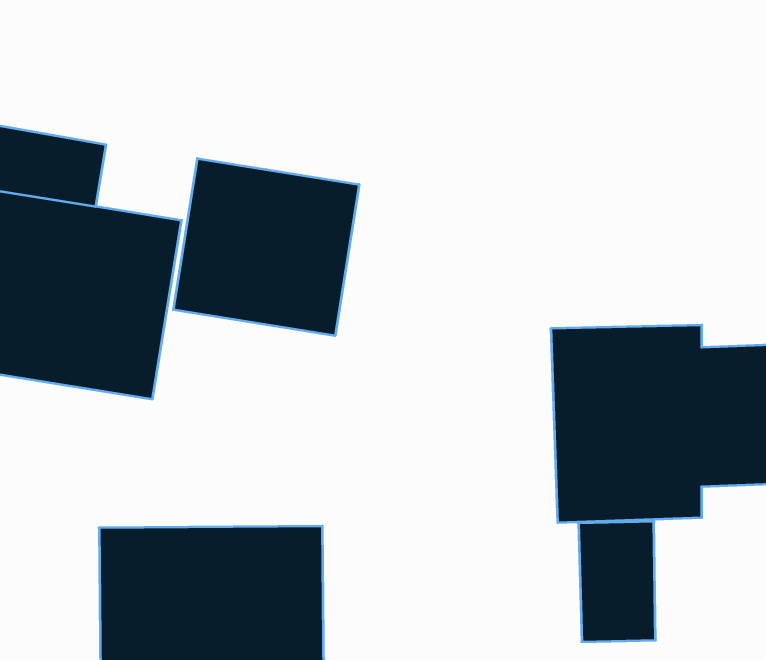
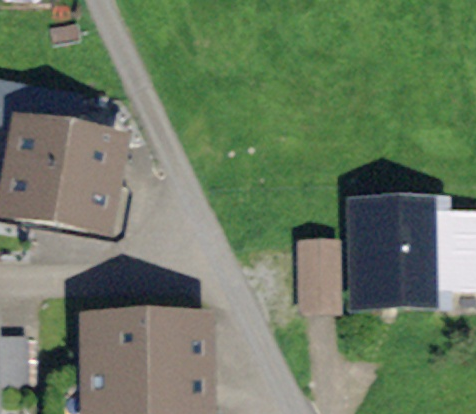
building: [173,158,359,336] -> none
building: [578,522,656,642] -> [295,235,340,305]

